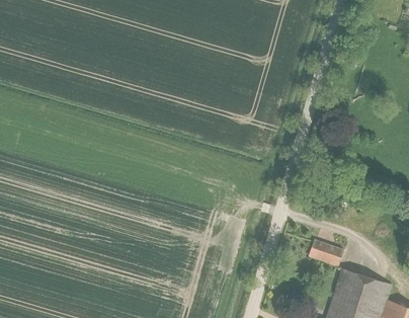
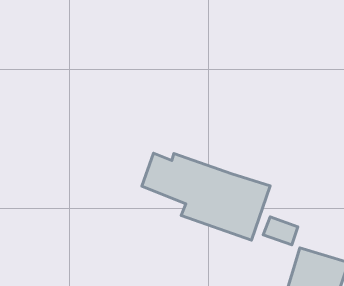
building: none -> [142,153,270,240]

